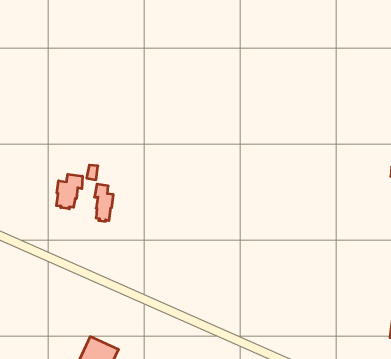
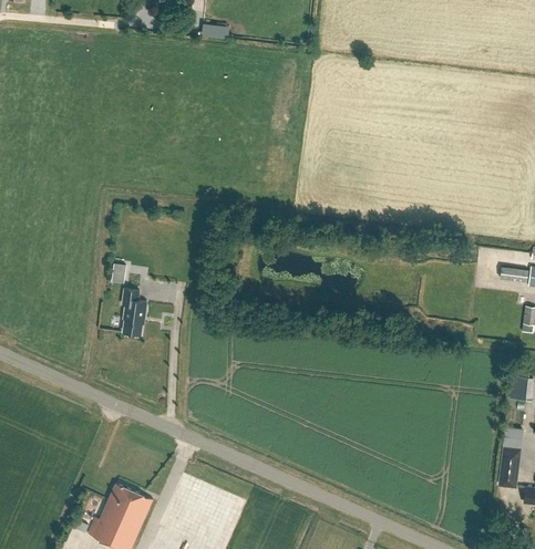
building: [56,174,82,209] -> none

